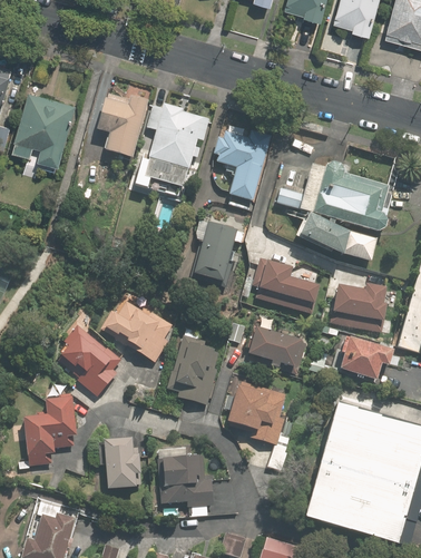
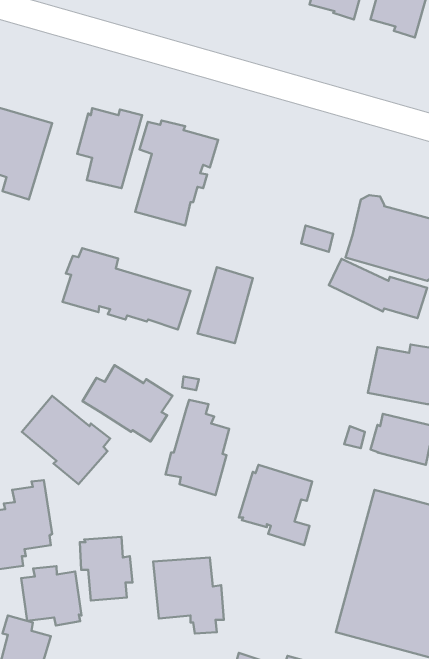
building: [214,128,272,202] -> none
building: none -> [63,248,191,329]
building: [253,256,321,313] -> none
building: [248,327,302,369] -> none
building: none -> [21,566,82,625]

